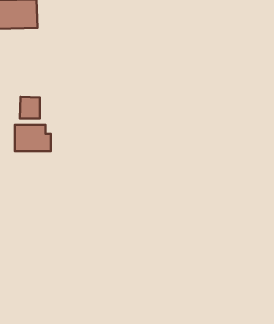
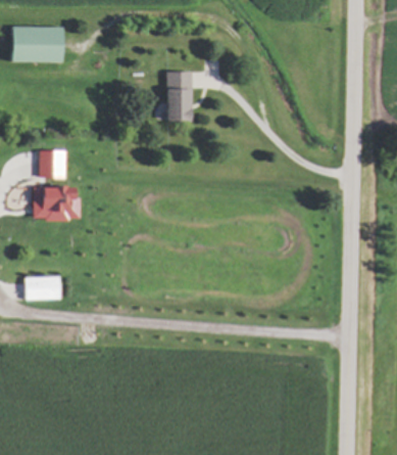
building: none -> [165,71,194,121]
building: none -> [26,276,62,300]

